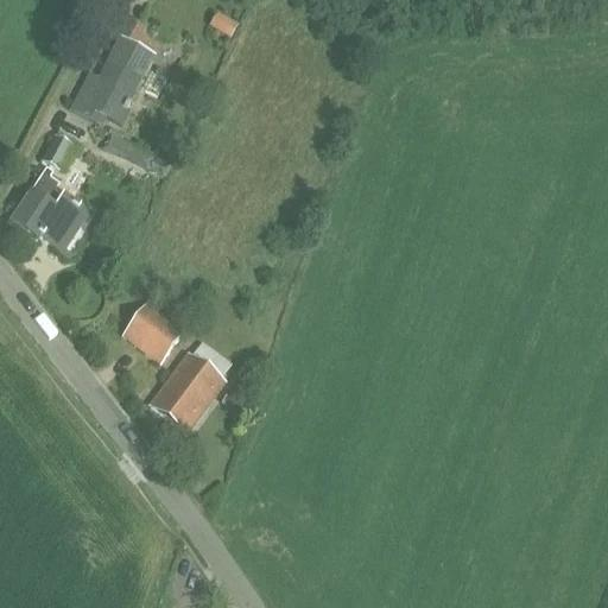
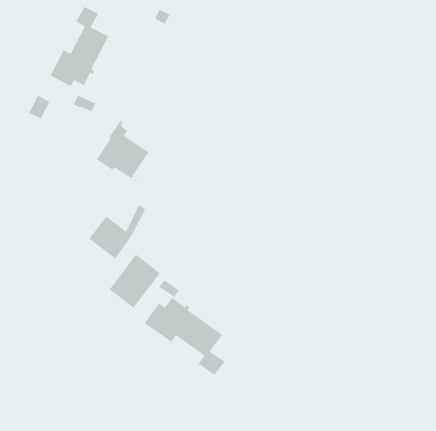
building: [14,165,89,253] -> [96,119,150,183]
building: none -> [144,297,225,376]

